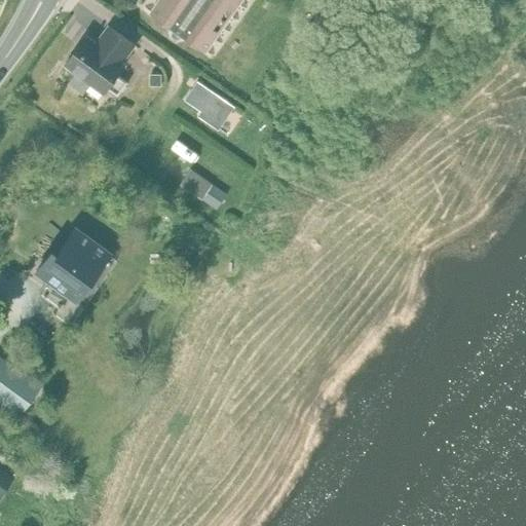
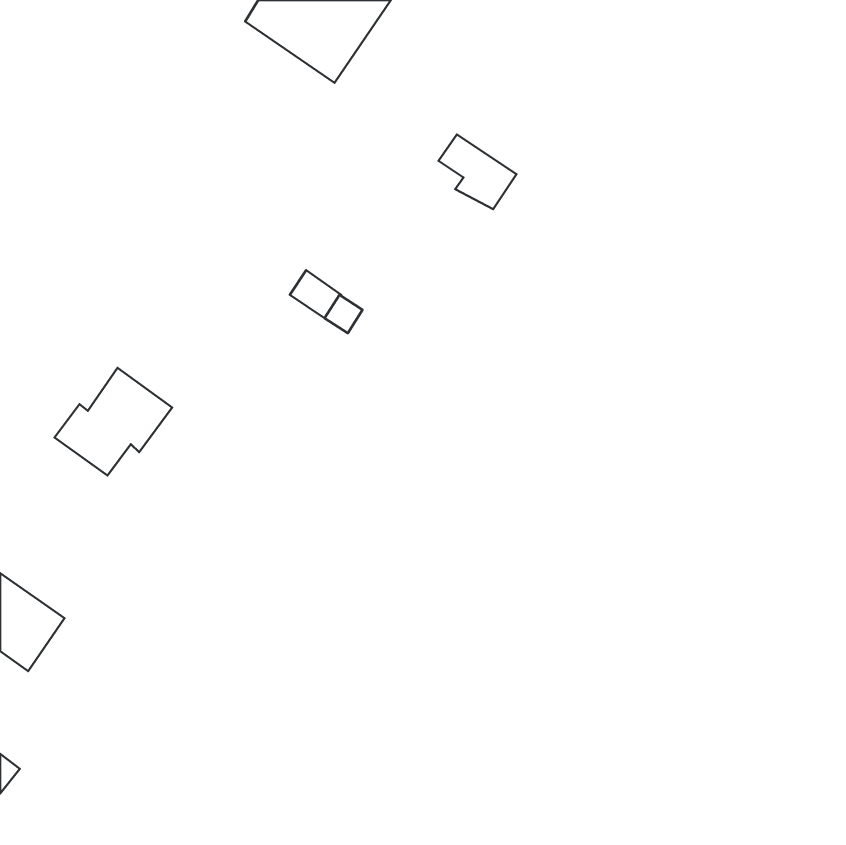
building: [64,27,134,98] -> none
building: [185,82,233,128] -> [439,134,516,209]

